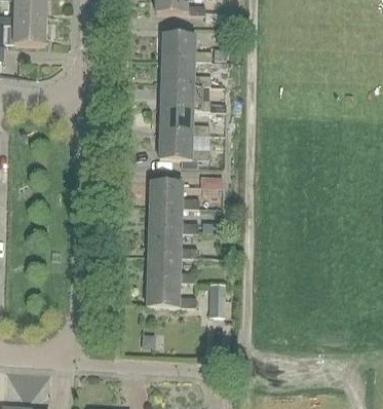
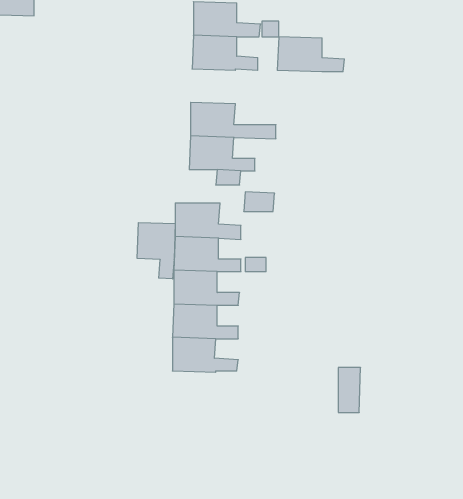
building: [160,83,209,109] -> [277,37,344,72]
building: none -> [137,223,175,279]
building: [209,281,226,313] -> [338,368,361,412]

